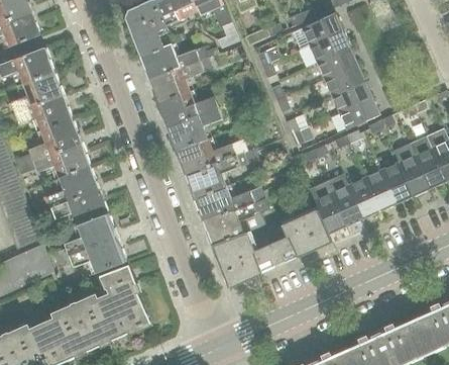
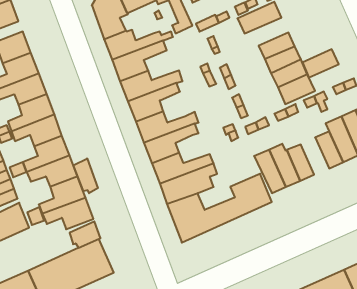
building: [309,29,350,62] -> [303,49,339,77]
building: [364,167,397,209] -> none
building: none -> [73,158,98,193]

